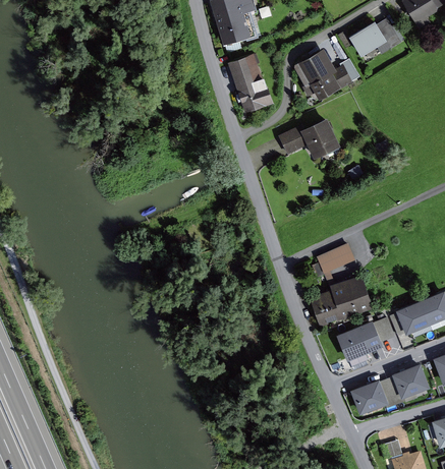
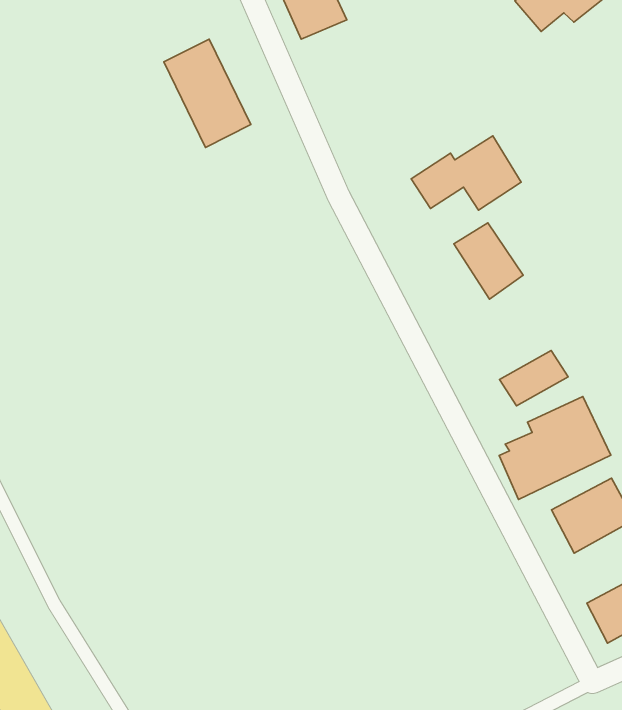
building: [293,51,352,101] -> none
building: [227,54,273,116] -> [164,39,251,147]
building: none -> [454,223,523,299]

